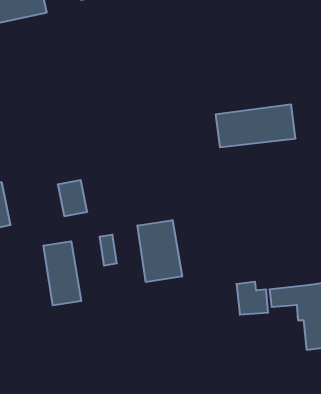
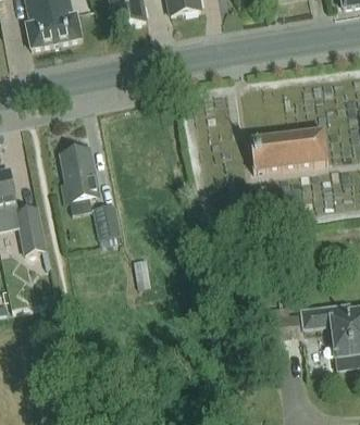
building: none -> [61,146,98,199]
building: [137,220,182,282] -> none
building: [44,241,81,305] -> none

